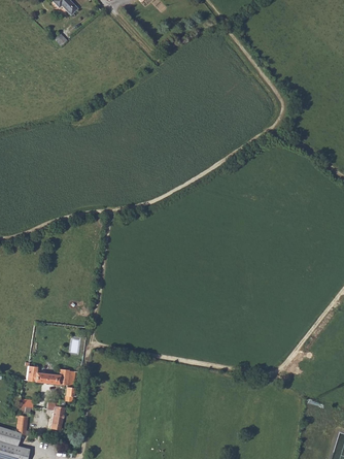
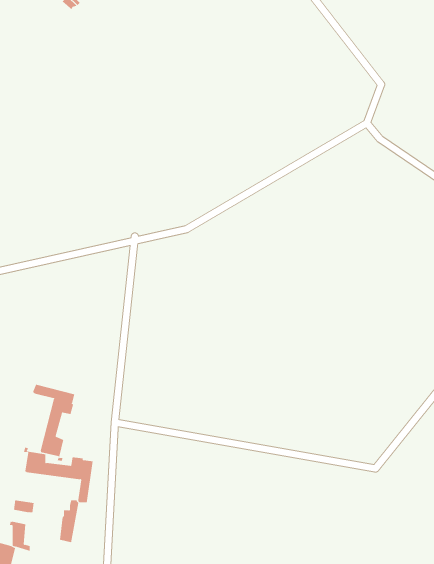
building: none -> [33,384,75,462]

